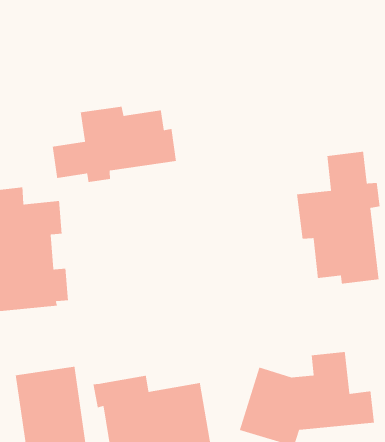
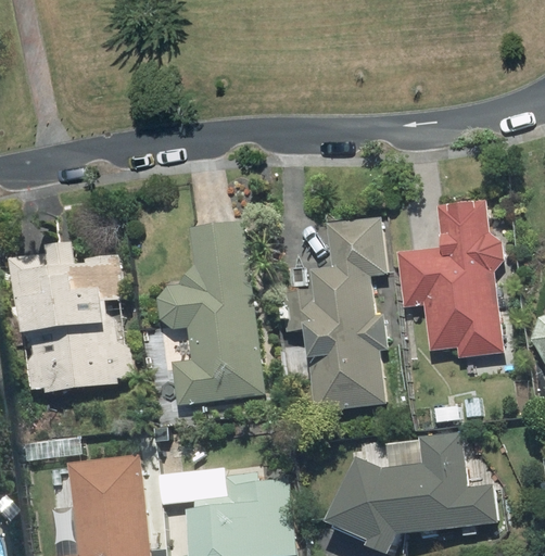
building: [52,106,177,183] -> none
building: none -> [293,217,388,410]
building: none -> [155,222,264,407]

